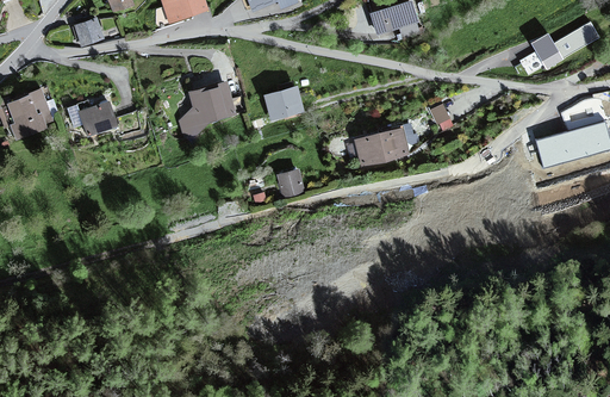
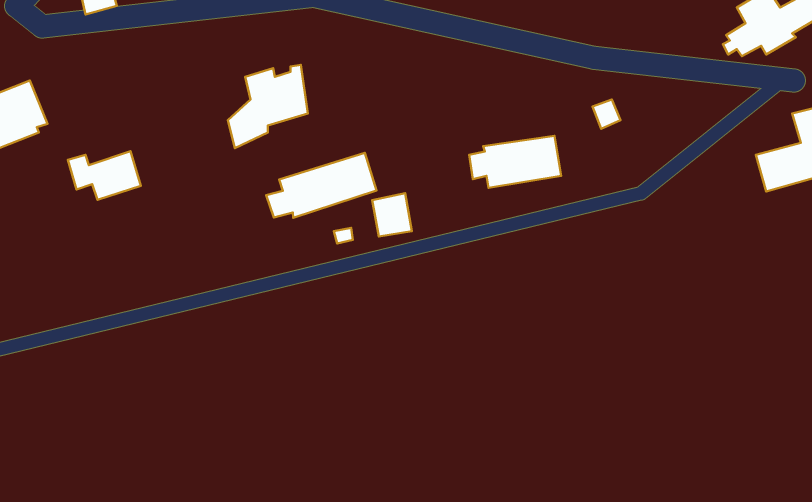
building: [264,87,304,118] -> none
building: [67,100,117,134] -> [68,151,141,200]
building: none -> [266,153,376,218]

